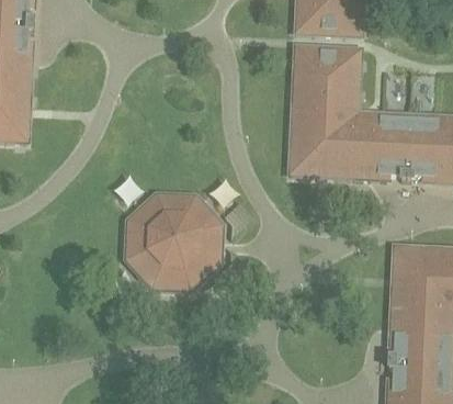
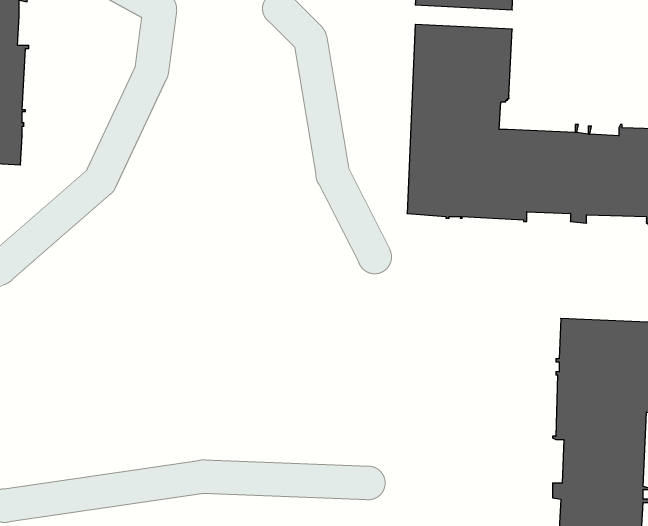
building: [124,193,220,290] -> none

